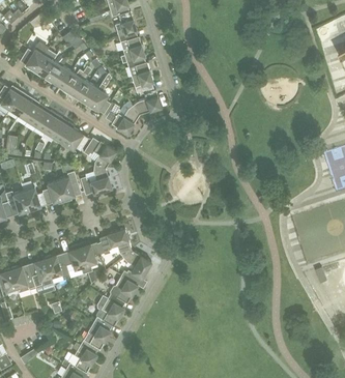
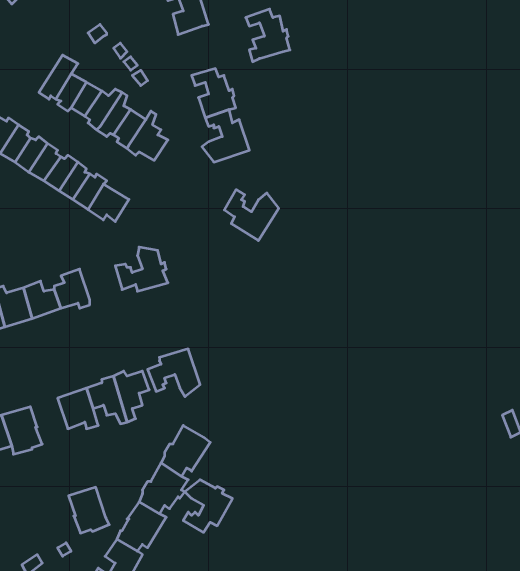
building: [118,31,145,63] -> [246,9,290,62]
building: [20,41,49,71] -> none
building: [107,103,140,134] -> [224,190,279,241]
building: [83,139,116,168] -> none
building: [58,170,81,201] -> none
building: [121,250,151,282] -> [183,480,232,532]
building: [28,258,53,286] -> [69,487,109,533]

